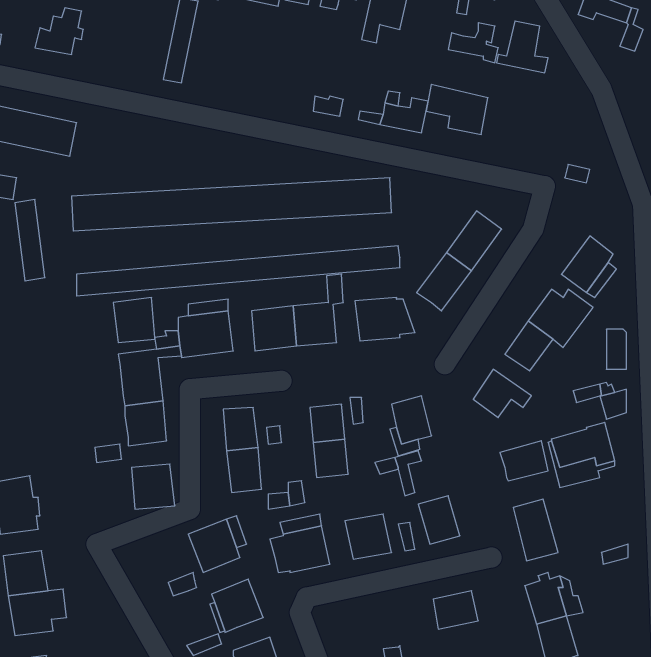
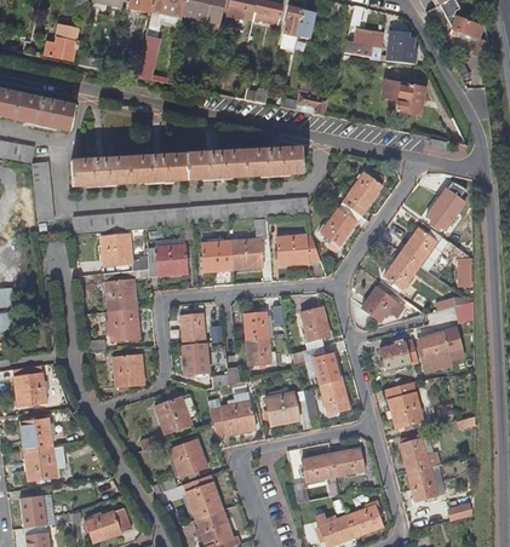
building: [426,84,488,134] -> [380,77,425,114]
building: none -> [315,349,344,384]
building: none -> [303,453,337,482]

